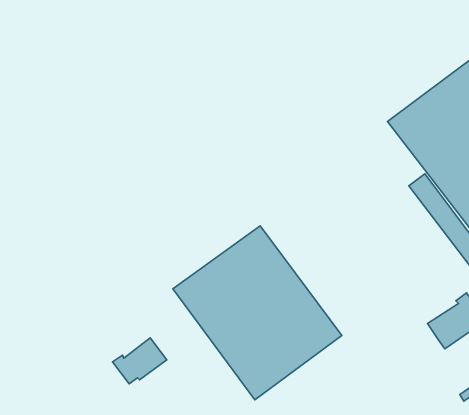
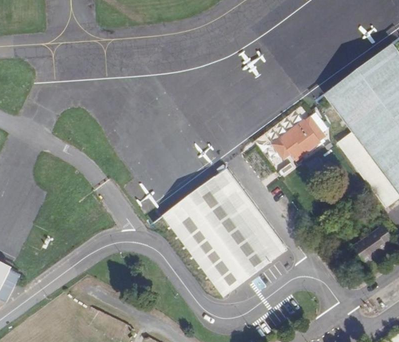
building: none -> [271,117,323,160]
building: [113,338,167,384] -> none

